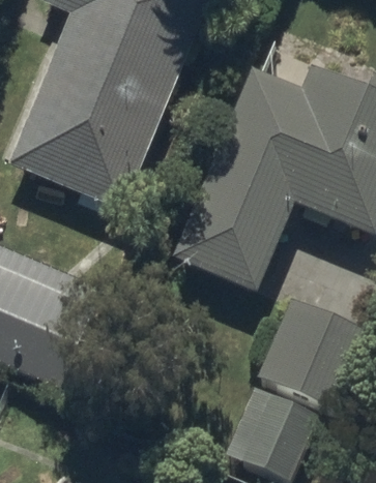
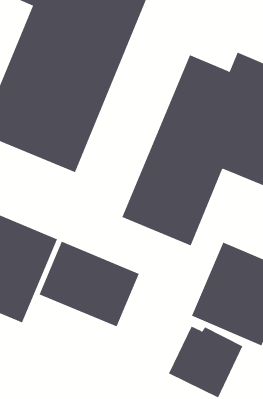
building: none -> [39,241,140,327]

